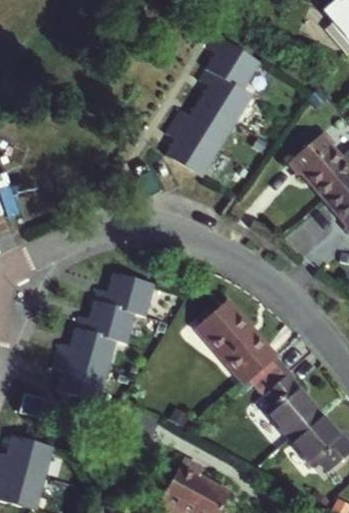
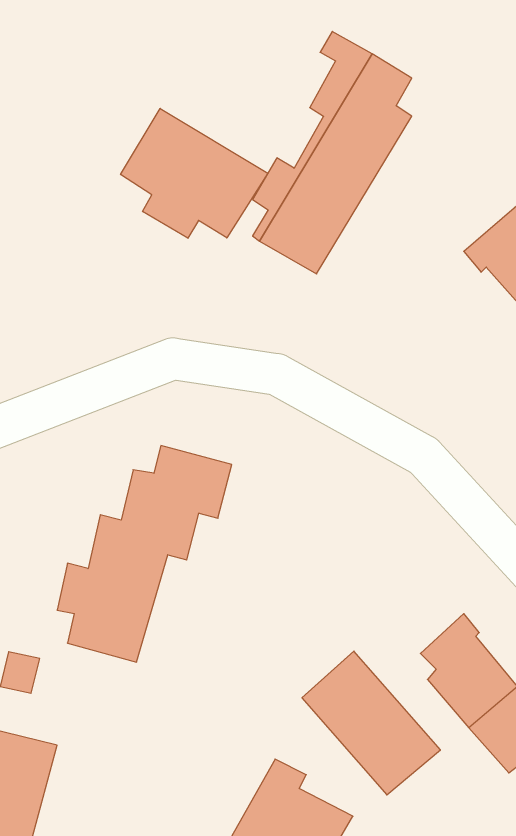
building: none -> [121,108,268,238]
building: [196,302,276,385] -> [302,651,440,795]

